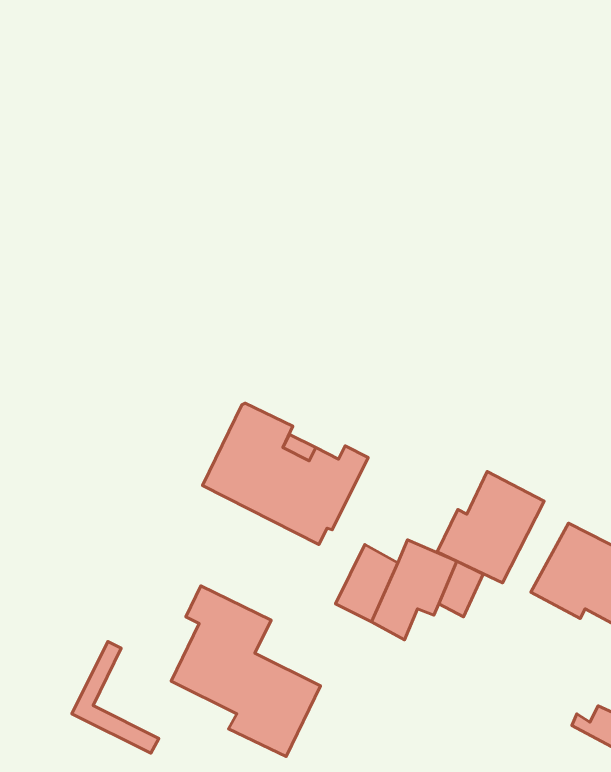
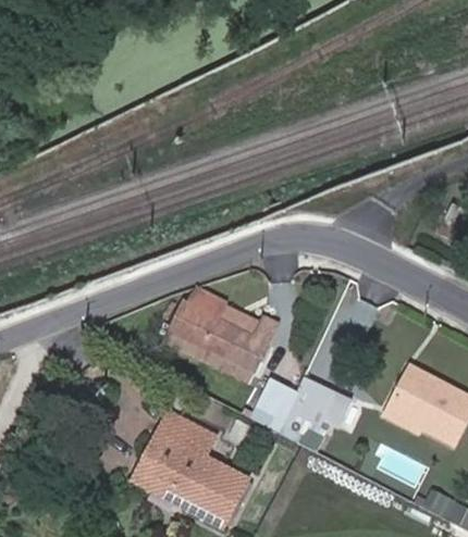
building: [437,472,544,583] -> none
building: [72,641,159,753] -> [134,429,192,503]

